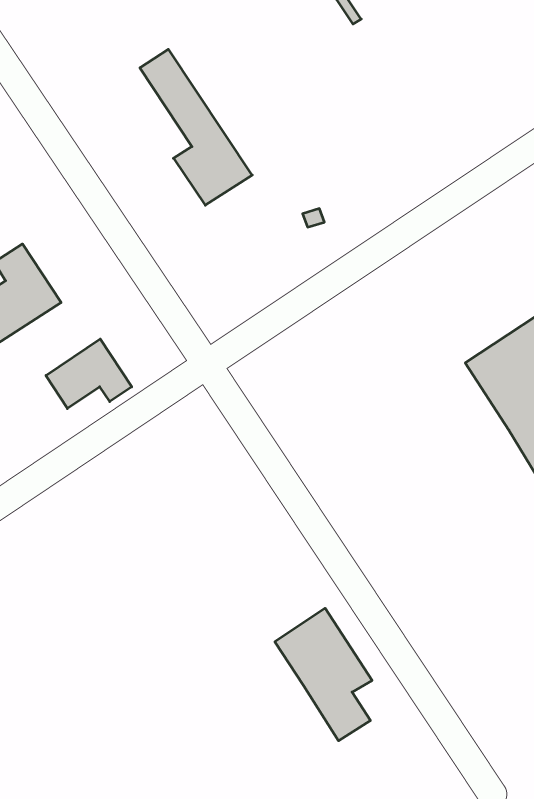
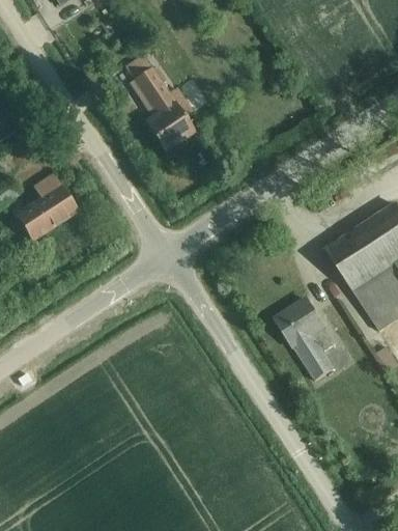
building: [46,339,132,409] -> none
building: [275,608,372,741] -> [276,298,336,380]

